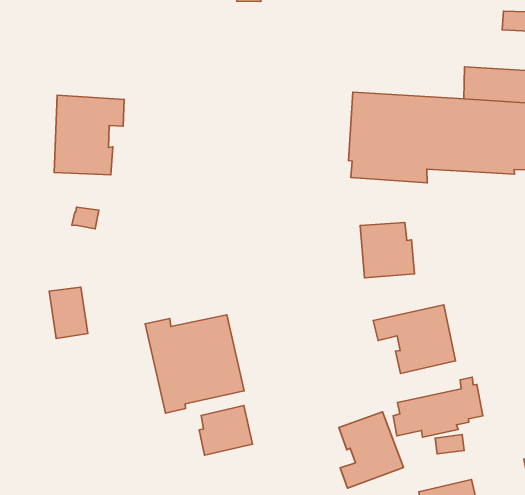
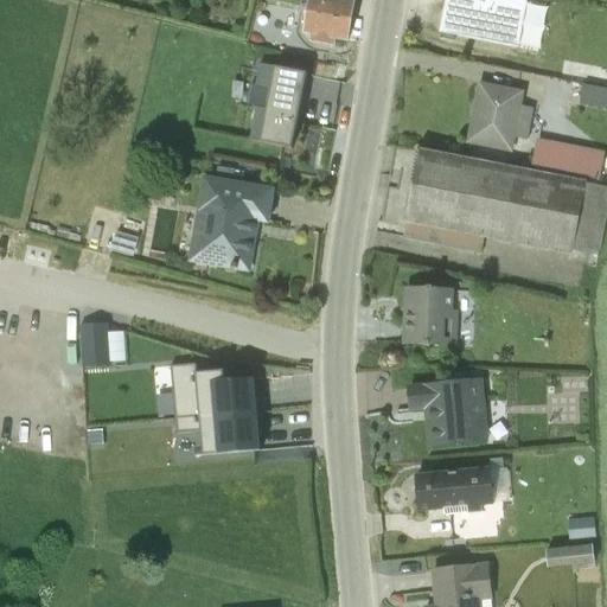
building: none -> [468,83,532,148]
building: none -> [250,62,306,147]
building: [54,95,124,175] -> [189,178,270,267]
building: [199,405,253,455] -> none
building: [339,412,404,488] -> none

